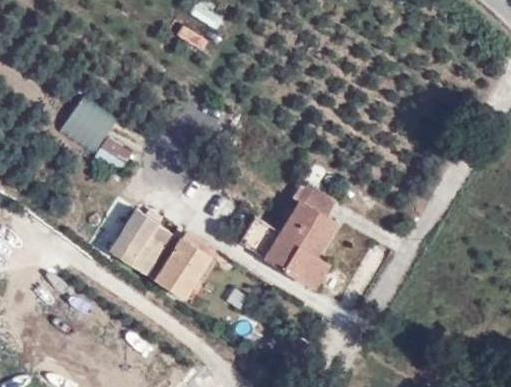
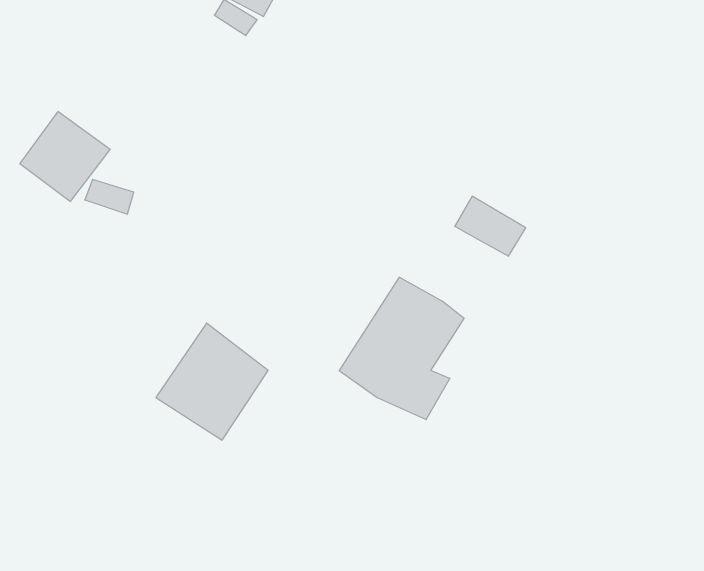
building: [291,177,336,215] -> [455,196,526,256]
building: [106,202,176,276] -> none

